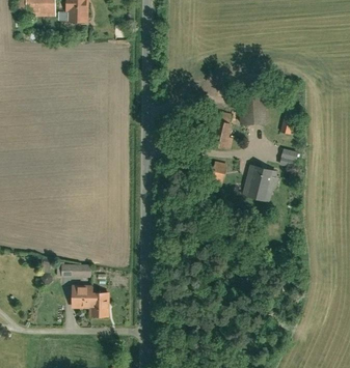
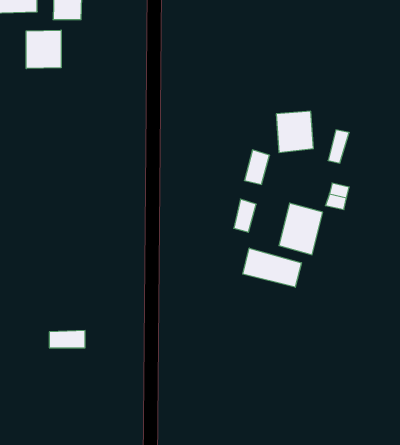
building: none -> [26,30,61,69]
building: none -> [243,248,301,287]
building: [74,285,110,316] -> none

